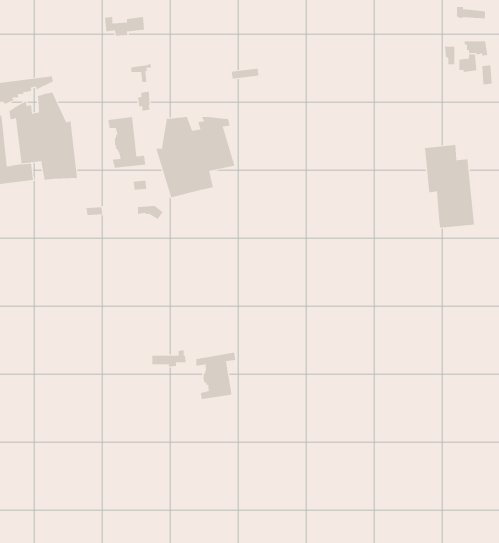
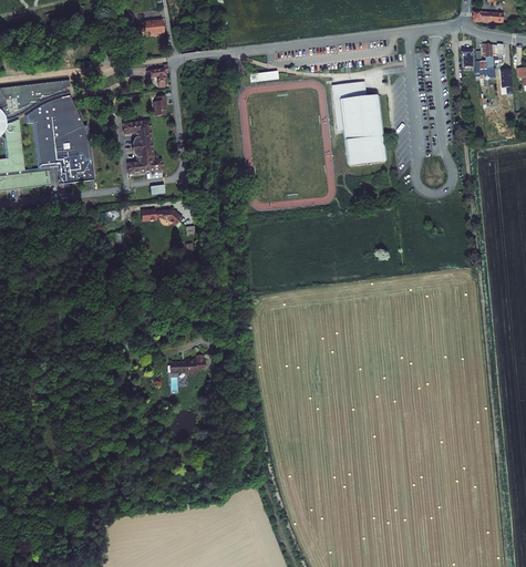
building: [155,116,235,198] -> none
building: [424,145,475,228] -> [332,81,383,165]
building: [196,352,236,400] -> none

